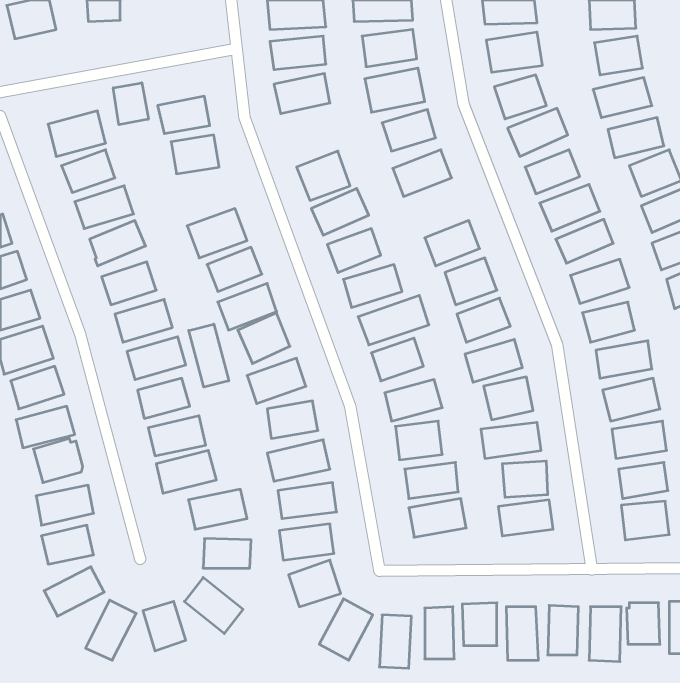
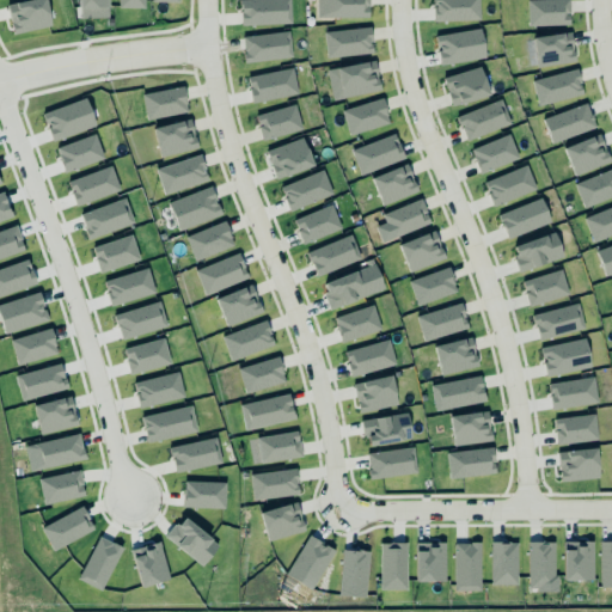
building: [113,83,148,125] -> none
building: none -> [257,104,305,141]
building: none -> [158,155,210,194]
building: none -> [373,164,420,206]
building: [189,324,229,387] -> none

